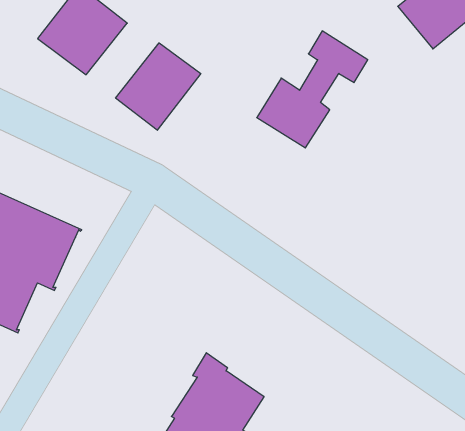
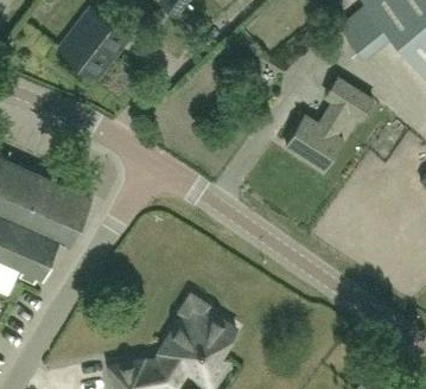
building: [257,31,368,148] -> [285,81,371,172]
building: [116,43,201,130] -> none

